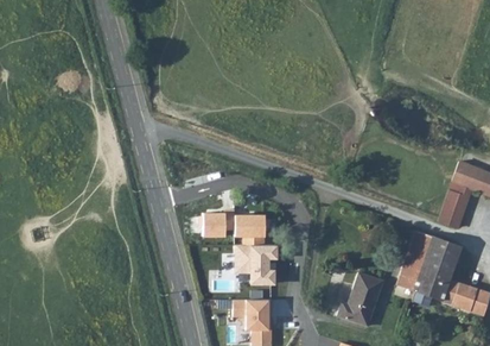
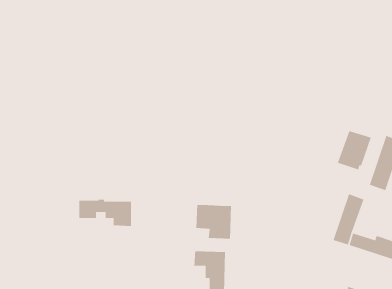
building: [202,212,265,245] -> [79,199,132,227]
building: [420,238,462,285] -> [337,130,372,170]
building: [343,276,384,325] -> none

